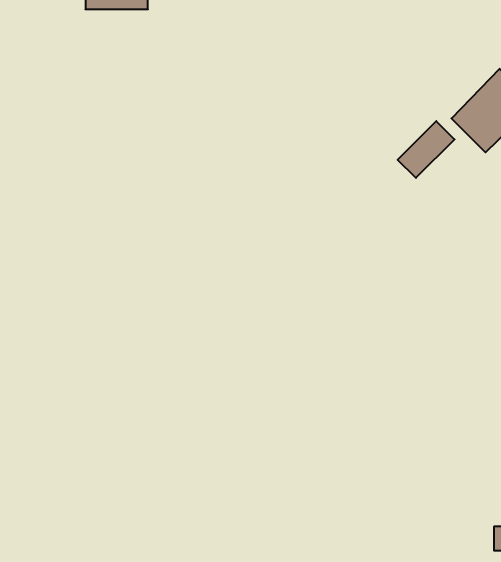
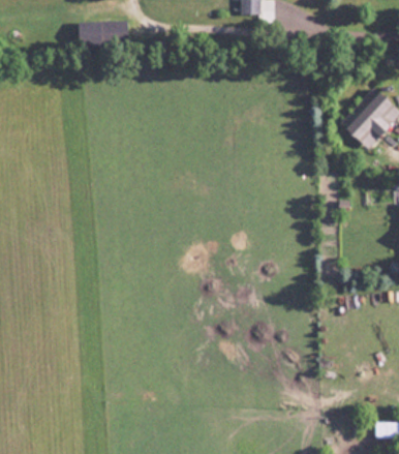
building: [398,121,455,178] -> none

